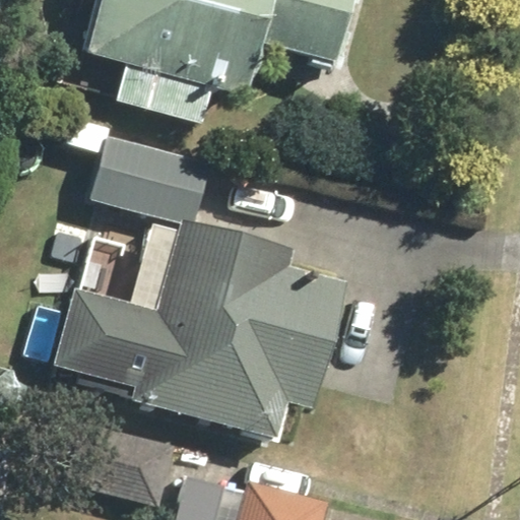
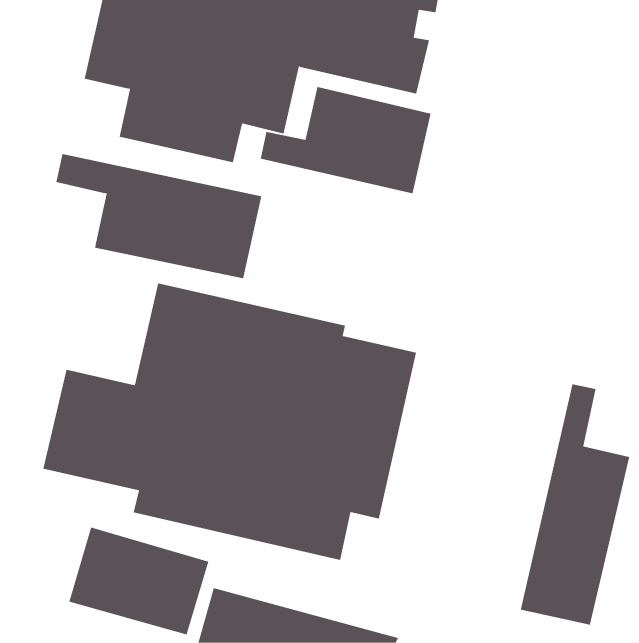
building: none -> [260,86,431,194]
building: none -> [520,384,630,626]

